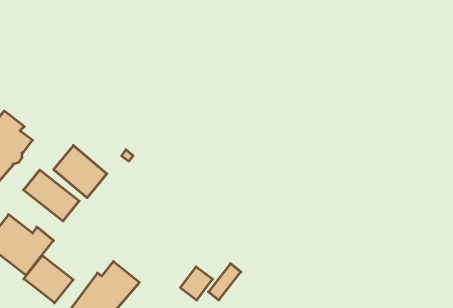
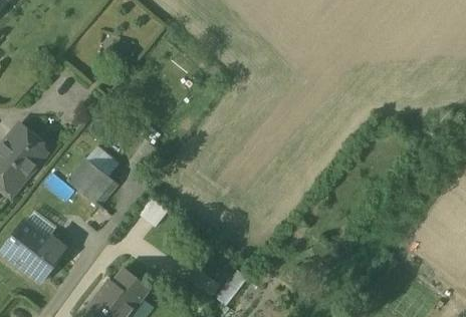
building: [23,170,79,221] -> none
building: [24,256,73,303] -> none

